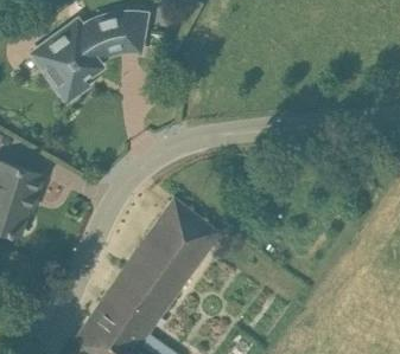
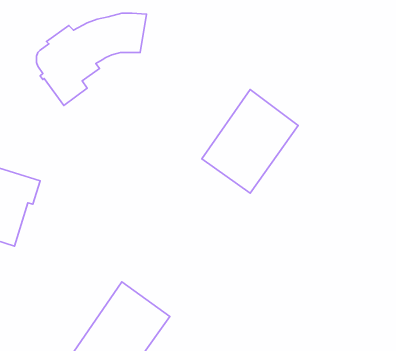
building: [122,206,215,305] -> [202,90,298,193]

